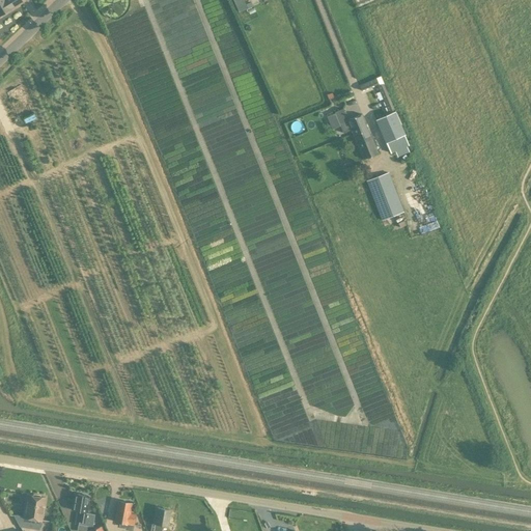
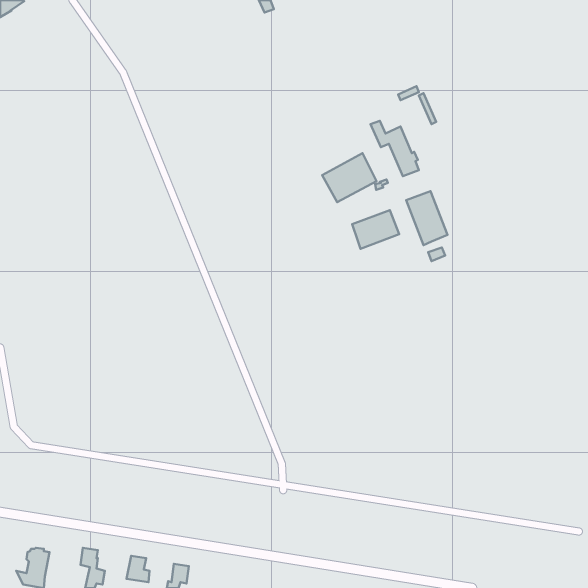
building: [375,112,409,152] -> none
building: none -> [322,153,377,202]
building: none -> [352,210,399,249]

